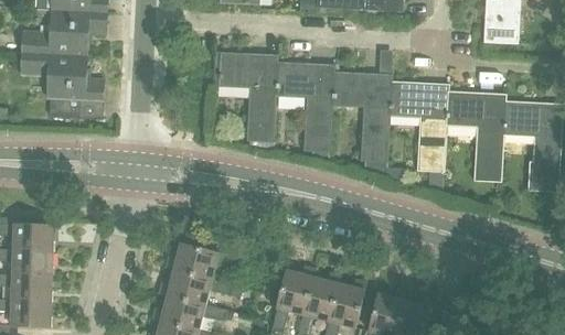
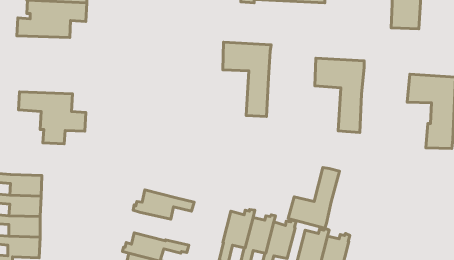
building: [217,52,278,142] -> none
building: [21,53,104,117] -> [19,92,86,144]
building: [332,72,392,161] -> none
building: [447,91,507,182] -> none
building: none -> [288,167,339,228]
building: [159,270,242,305] -> none

